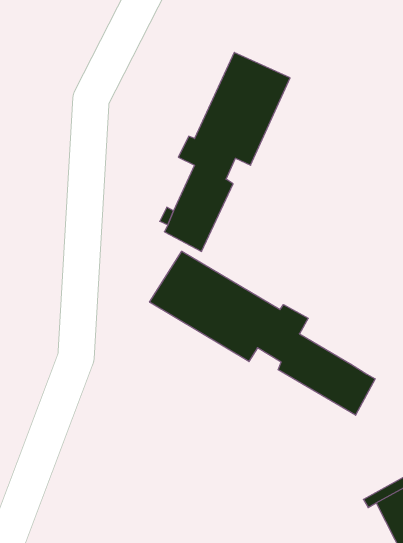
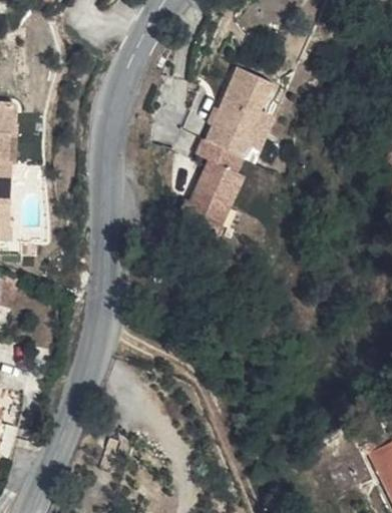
building: [150,251,375,415] -> none

